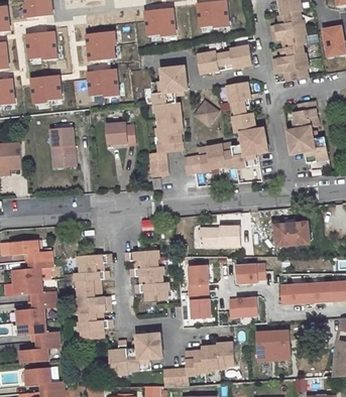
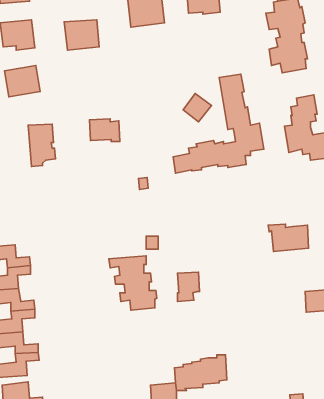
building: [196,45,251,74] -> none
building: [148,65,187,176] -> none
building: [85,69,118,96] -> none
building: [199,226,239,246] -> none
building: [74,254,111,339] -> none
building: [235,264,264,282] -> none
building: [279,283,307,303] -> none
building: [188,291,210,318] -> none
building: [228,297,257,317] -> none
building: [250,328,287,362] -> none
building: [108,333,161,375] -> none

